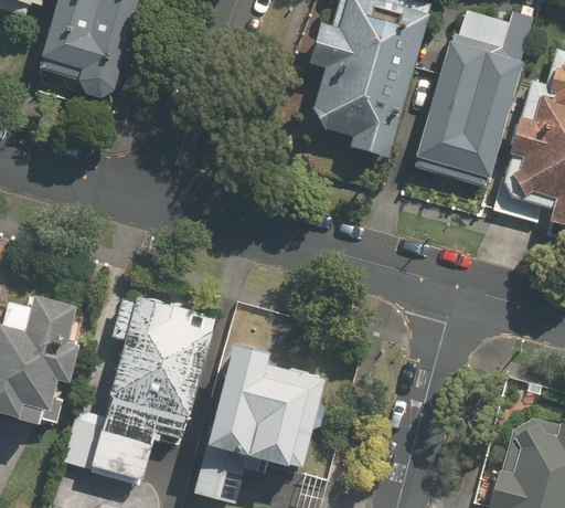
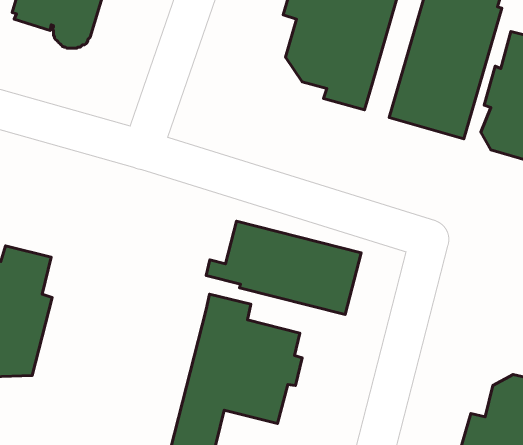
building: none -> [206,221,361,315]
building: [62,293,215,484] -> none

